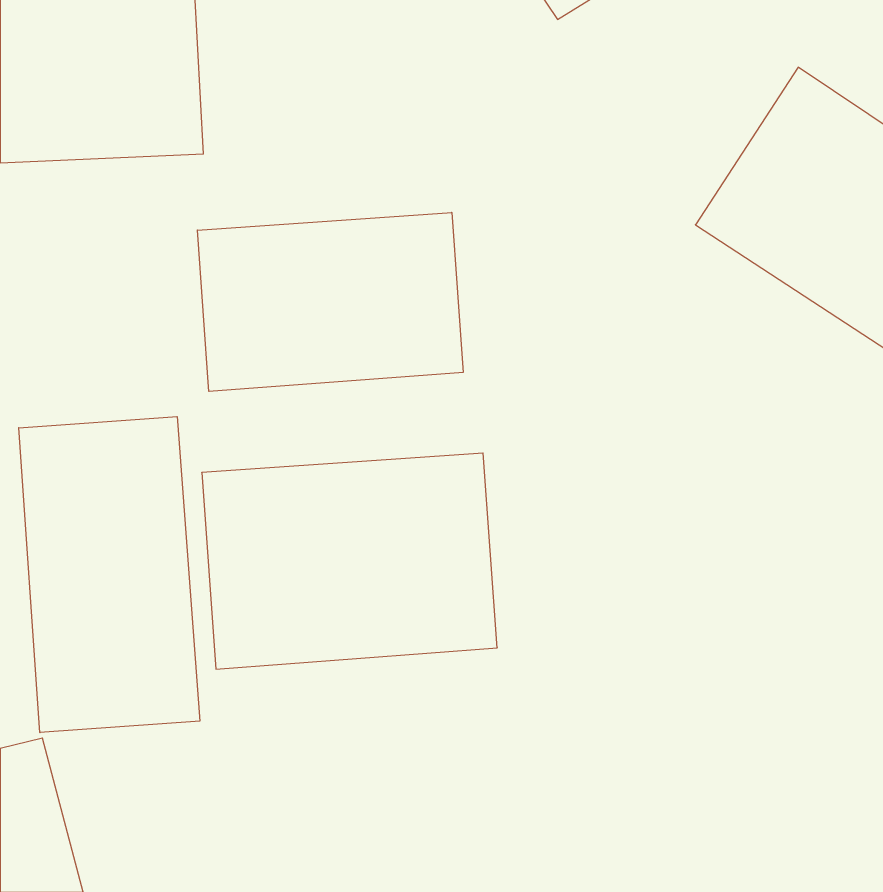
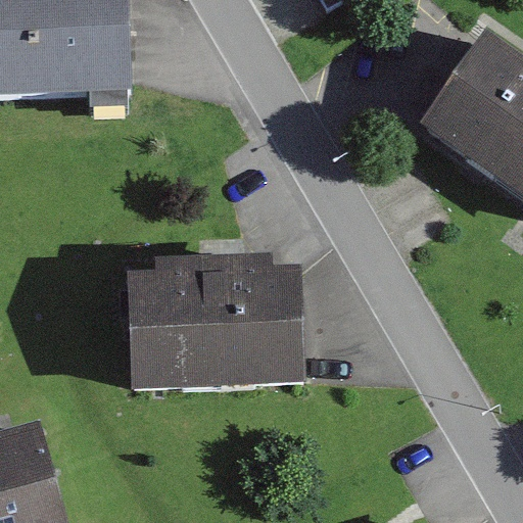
building: [197,212,463,391] -> none
building: [19,417,200,733] -> none

